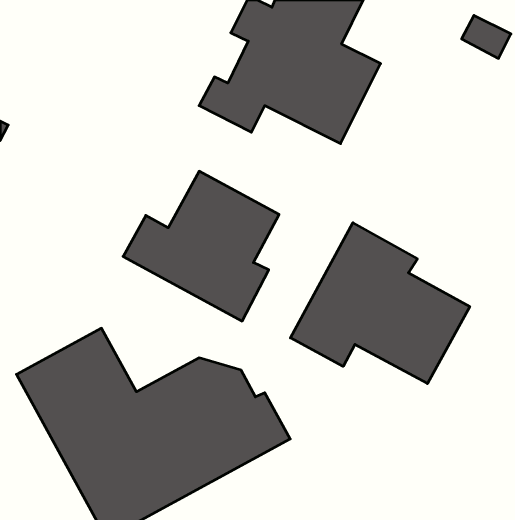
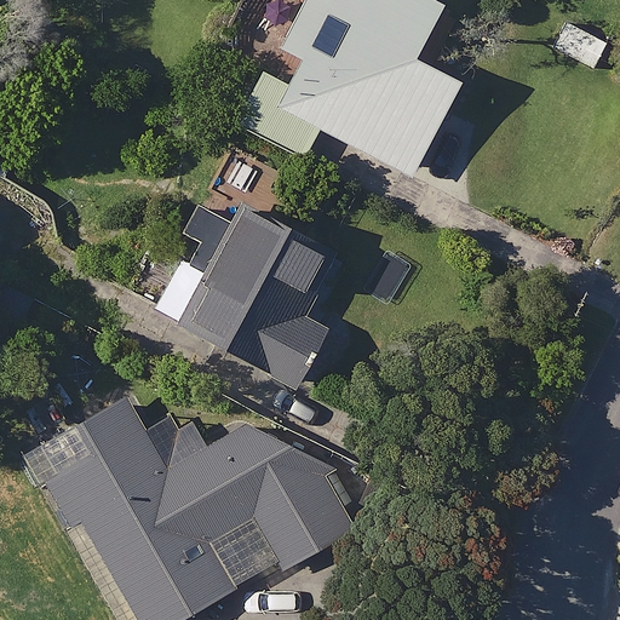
building: [290,223,470,384] -> none

